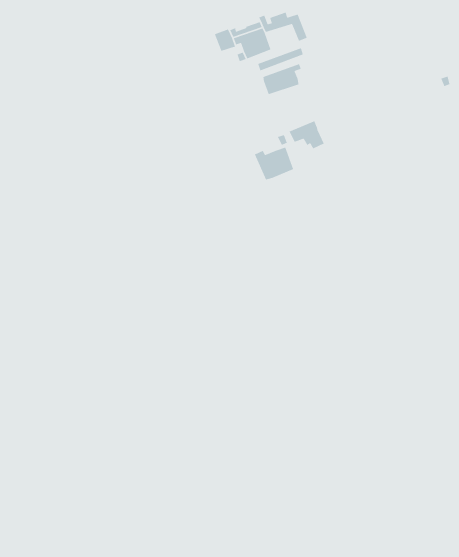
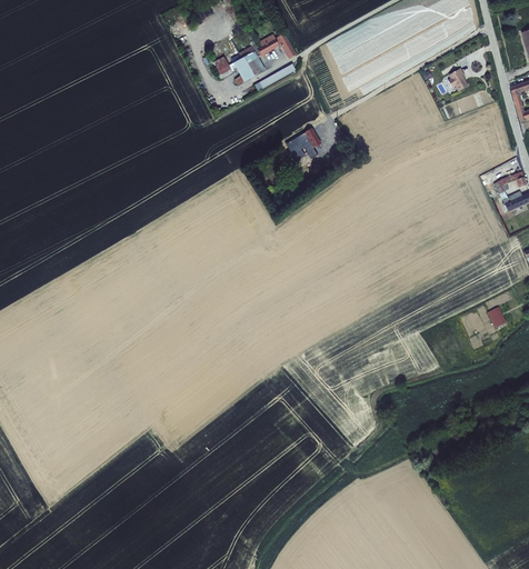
building: [263,63,302,95] -> none
building: [254,146,294,181] -> none

